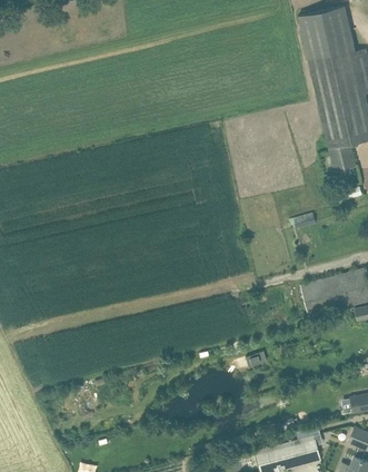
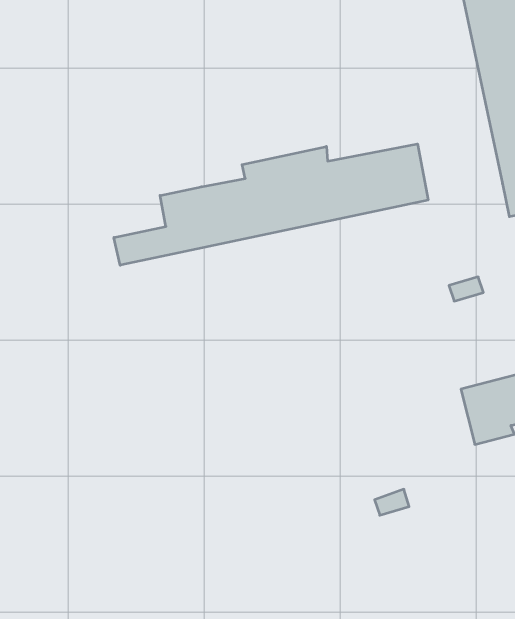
building: none -> [114,144,428,265]

